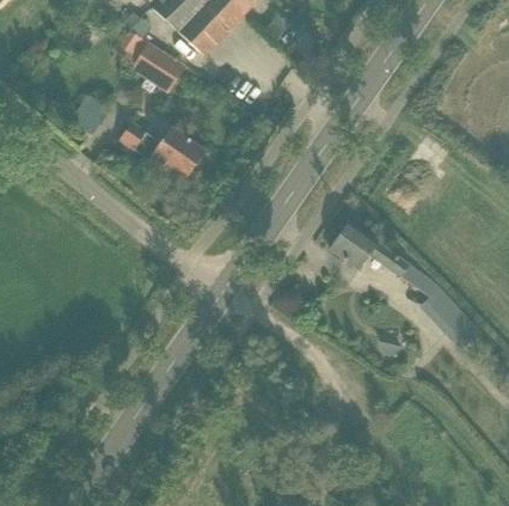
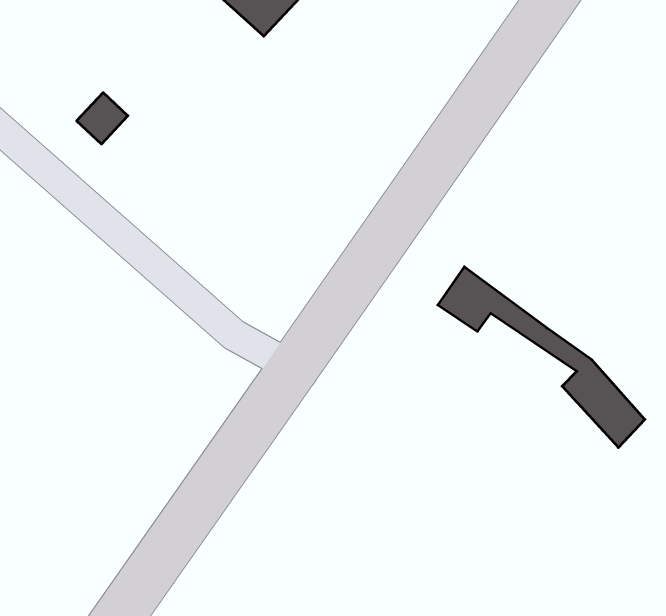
building: [133,42,184,90] -> none
building: [119,122,204,178] -> none

